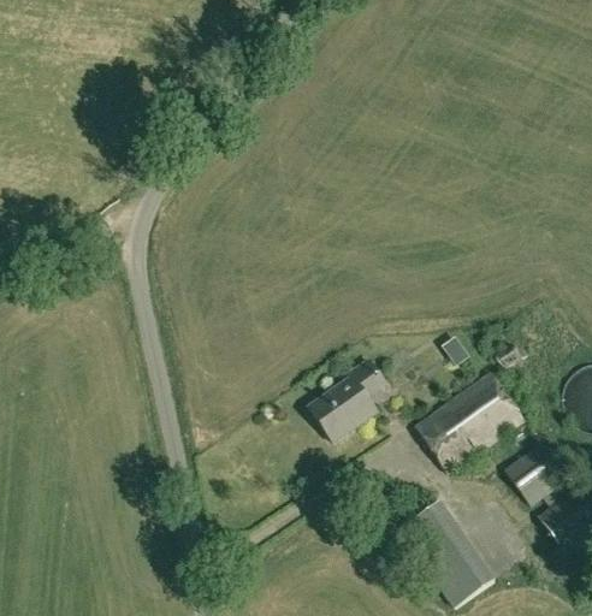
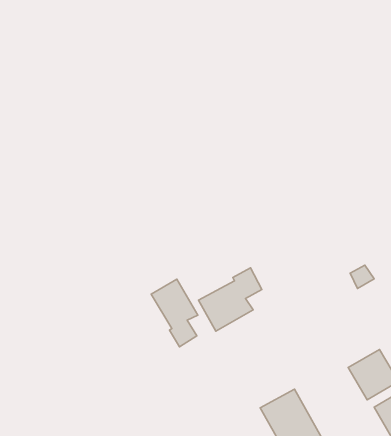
building: [415,372,523,472] -> none
building: none -> [151,279,198,347]

